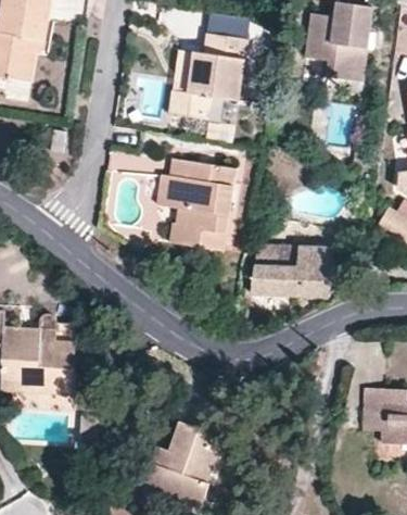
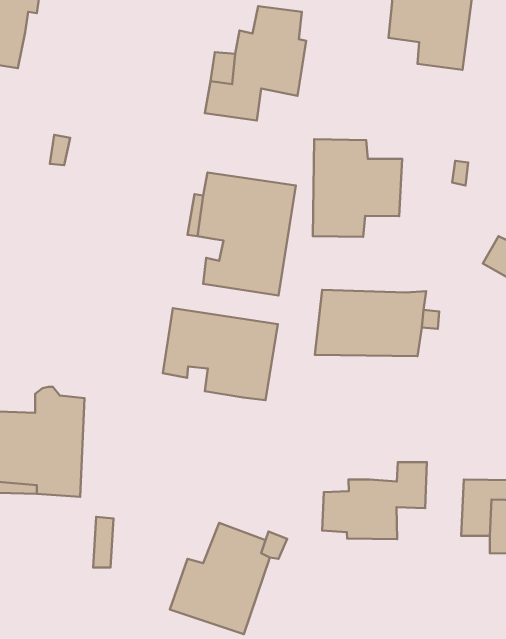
building: none -> [313,139,402,237]
building: none -> [163,308,278,400]
building: none -> [322,462,427,539]

